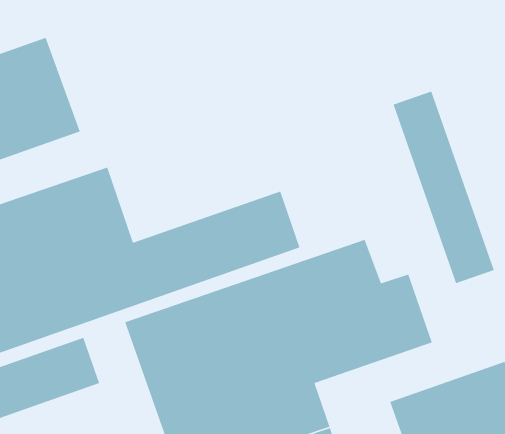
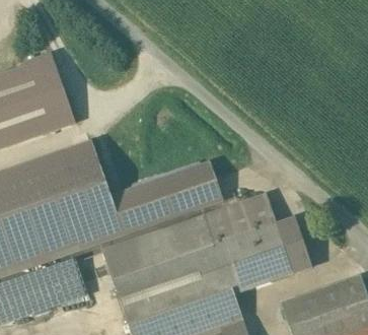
building: [392,90,495,284] -> none

